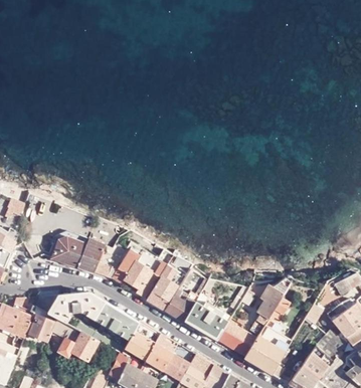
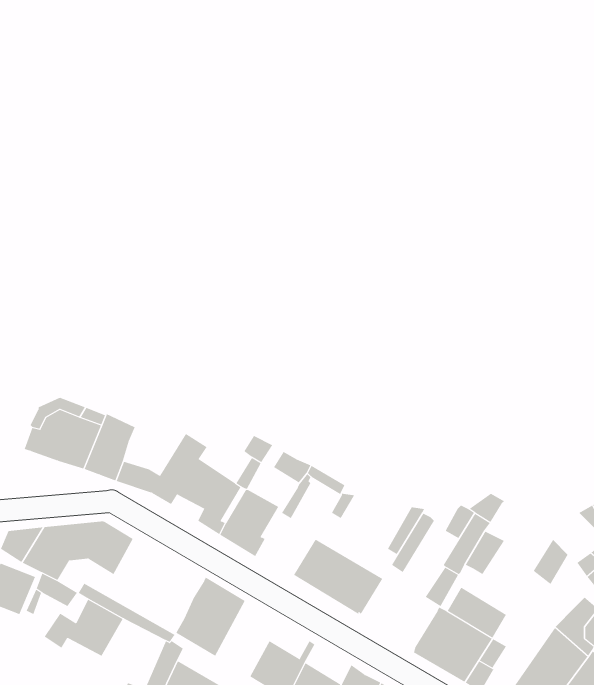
building: [165,293,197,322] -> none
building: [94,302,139,342] -> none
building: [218,322,256,356] -> none
building: [145,333,177,371] -> none

